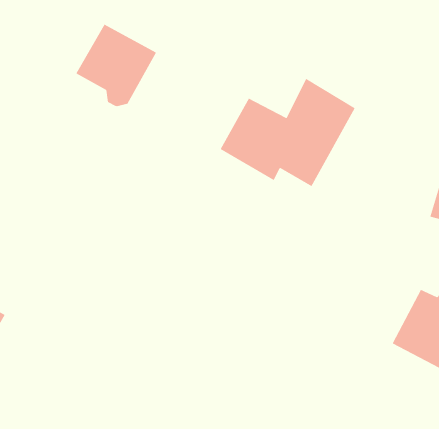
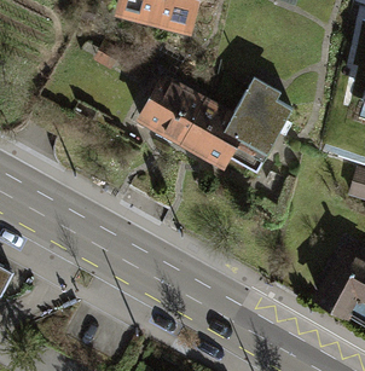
building: [75,24,157,107] -> [139,77,204,144]

